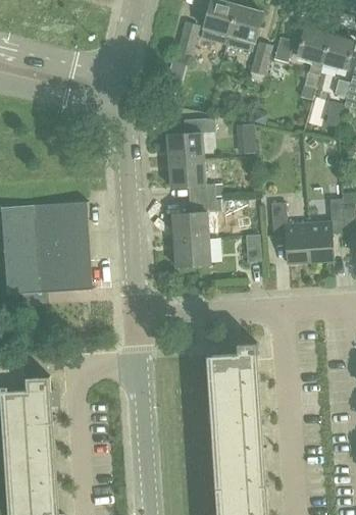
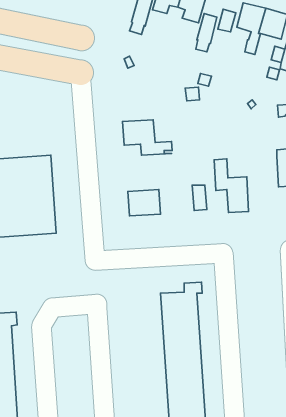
building: [165,119,214,162] -> none
building: [171,198,223,241] -> none
building: [307,201,343,263] -> none

